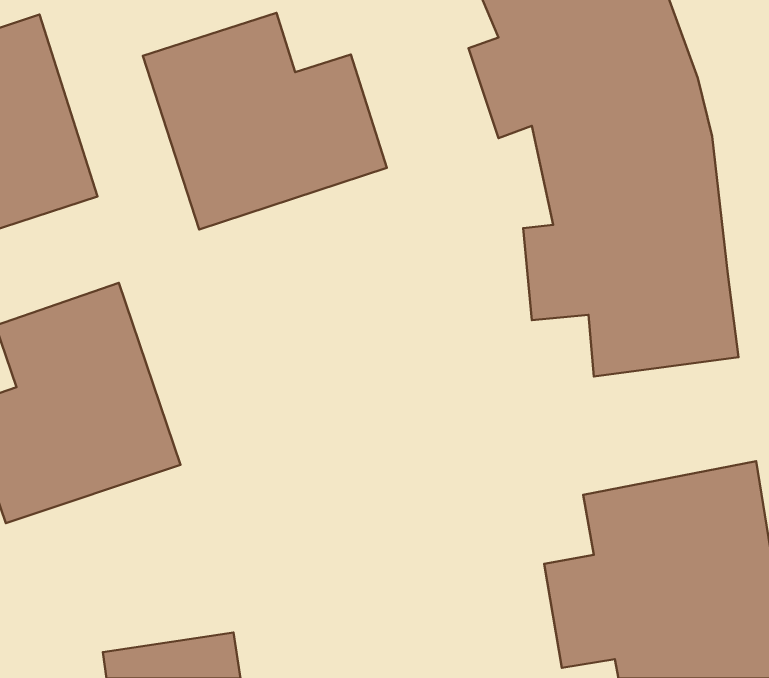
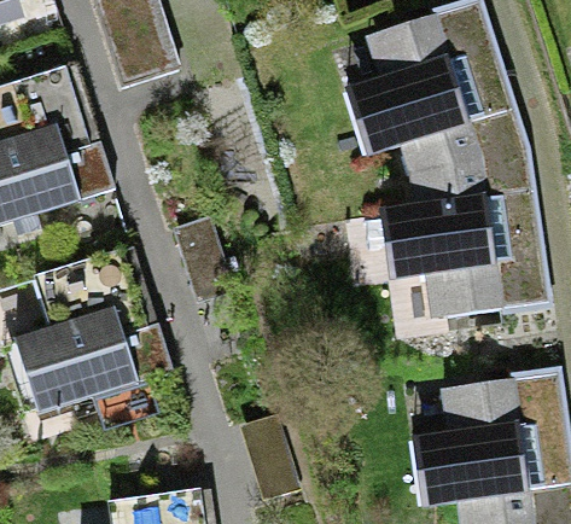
building: [143,13,387,229] -> none

